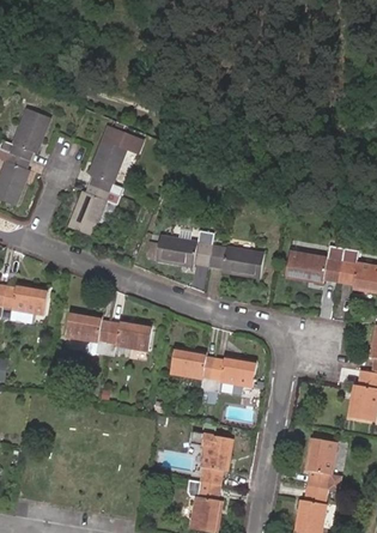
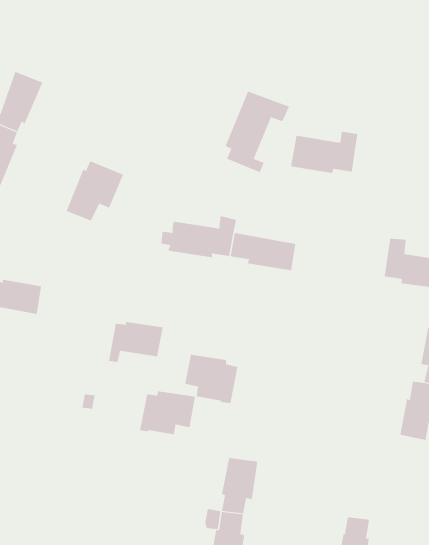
building: [87,126,142,195] -> [225,91,290,173]
building: [285,247,342,283] -> [290,131,358,173]
building: [65,311,110,353] -> none
building: [208,356,256,393] -> [139,391,196,435]
building: [306,438,339,490] -> none

